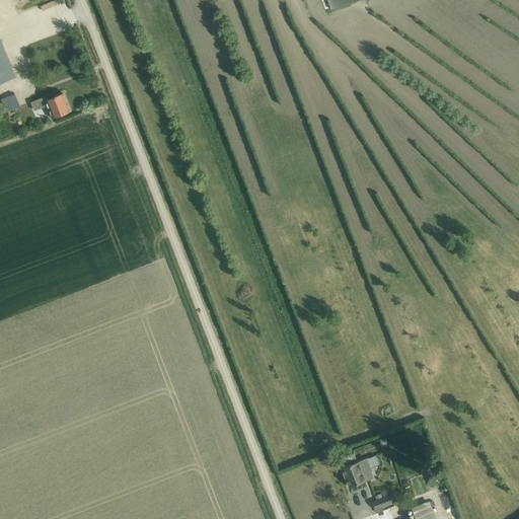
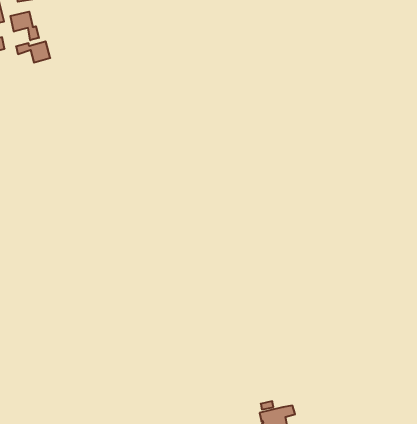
building: none -> [10,12,39,40]

